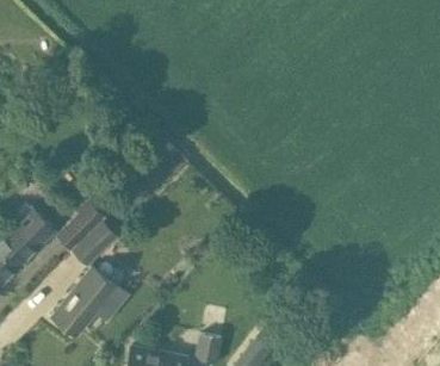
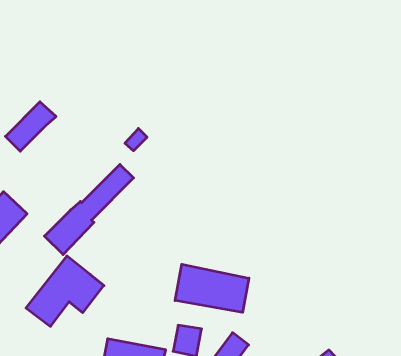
building: [56,201,105,249] -> [5,102,56,151]
building: none -> [175,264,249,312]

